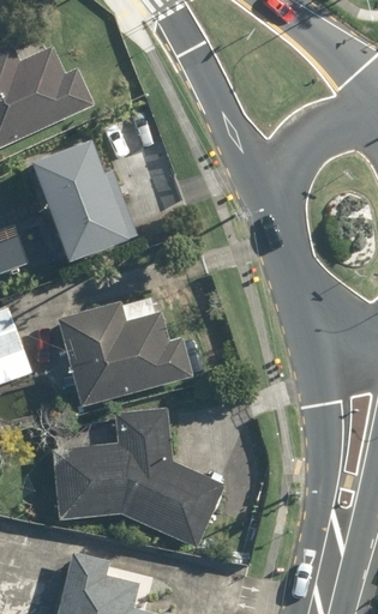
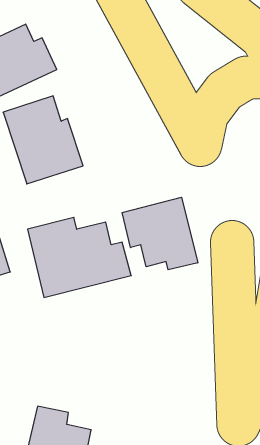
building: none -> [122,197,198,270]
building: [54,407,226,546] -> none

